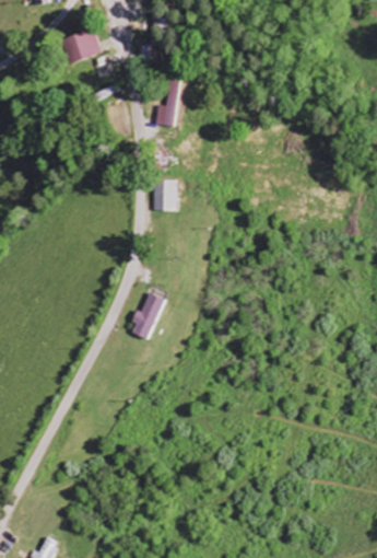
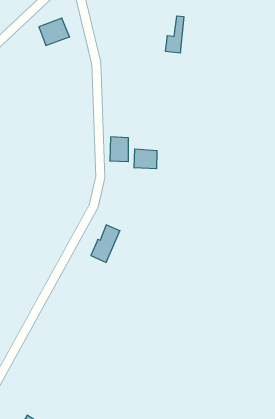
building: [156,79,180,126] -> [165,16,184,53]
building: none -> [134,149,157,169]

